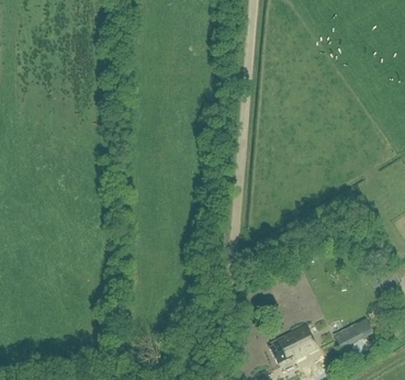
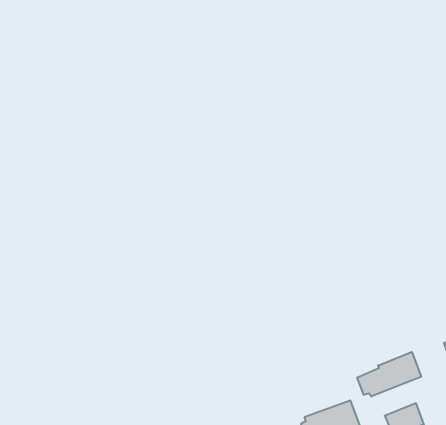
building: none -> [357,352,421,397]

